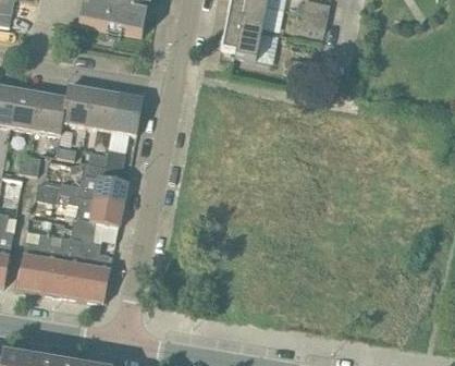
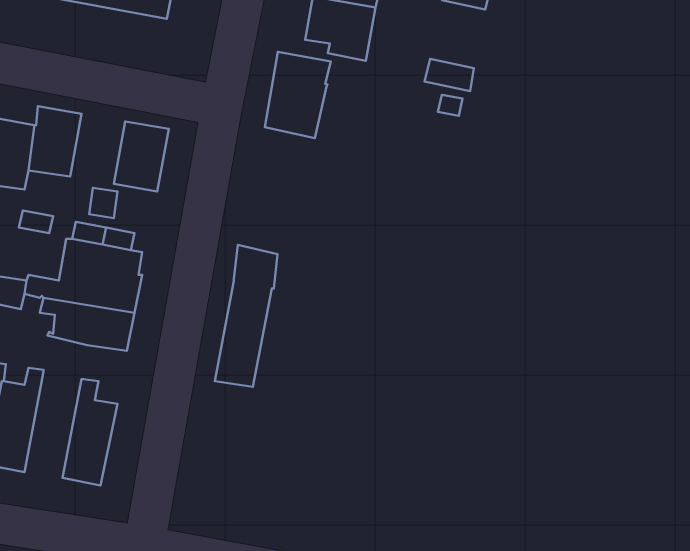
building: none -> [265,52,331,138]
building: [86,90,118,131] -> none
building: [60,218,96,300] -> [215,245,277,387]

